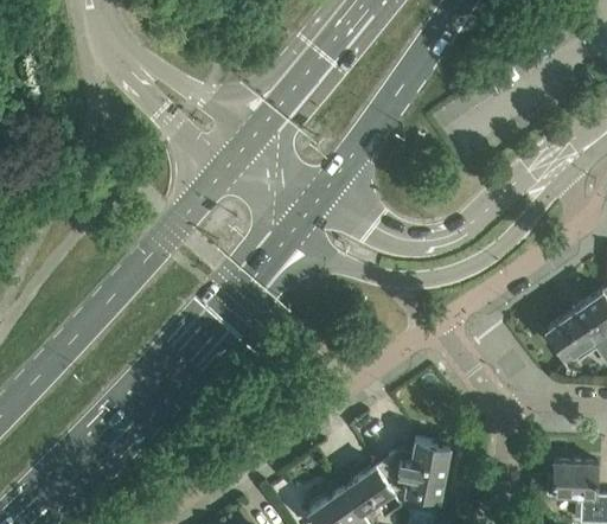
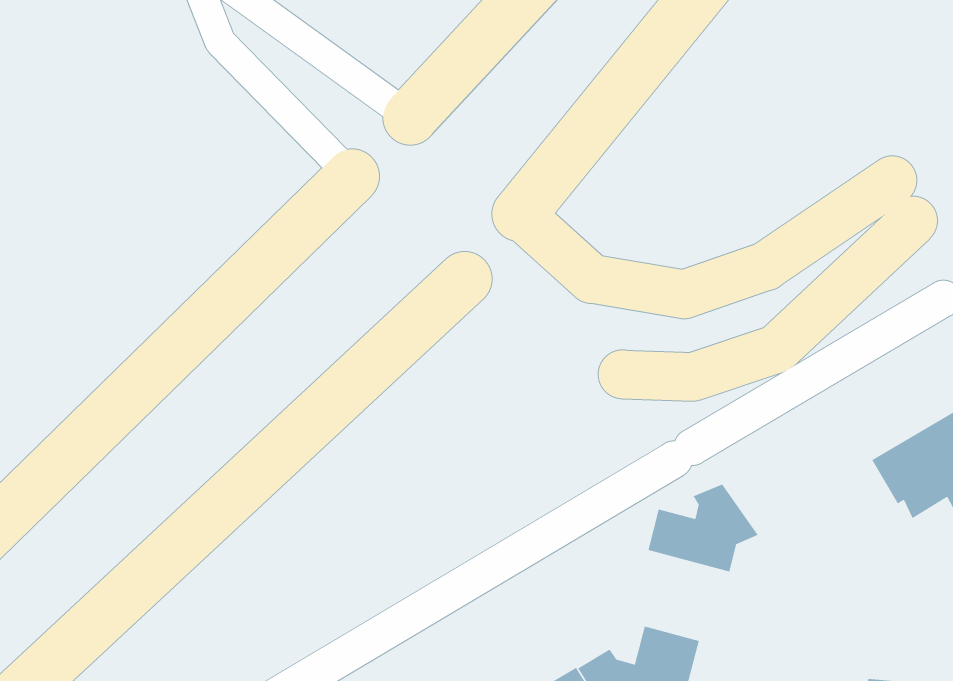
building: none -> [647,483,759,572]

